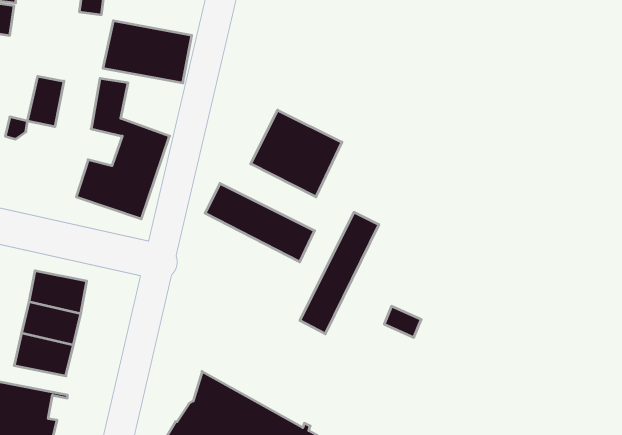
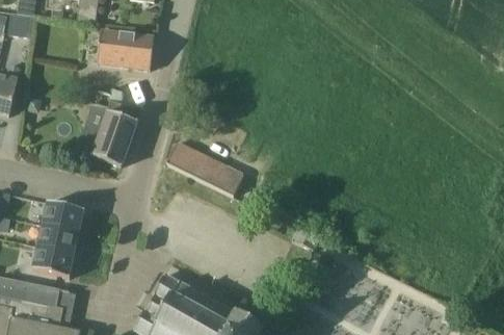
building: [27,76,64,127] -> none
building: [251,110,342,197] -> none
building: [300,212,379,334] -> none

